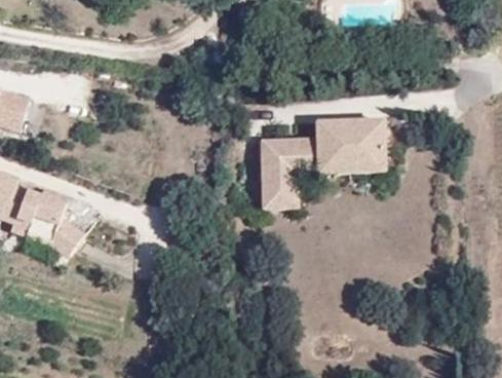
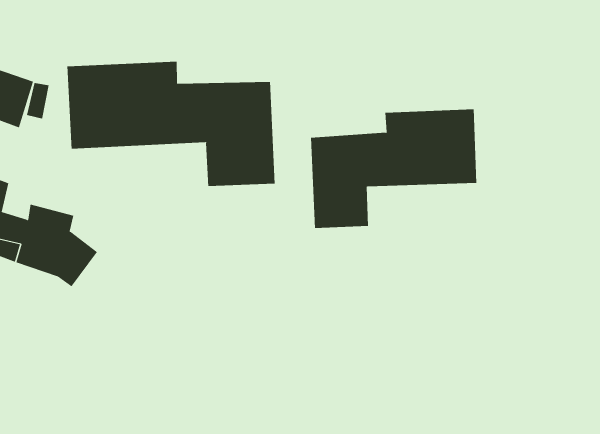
building: none -> [67,61,275,187]

